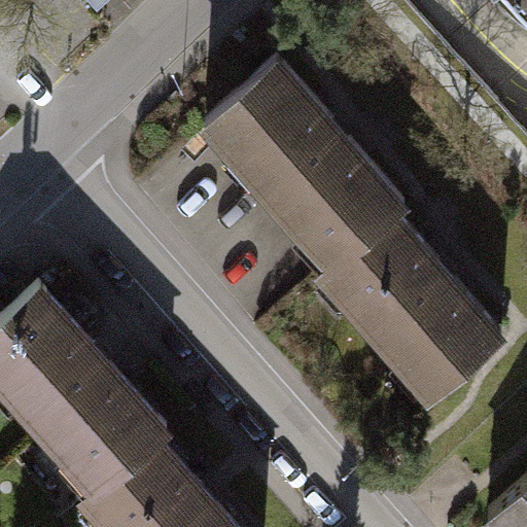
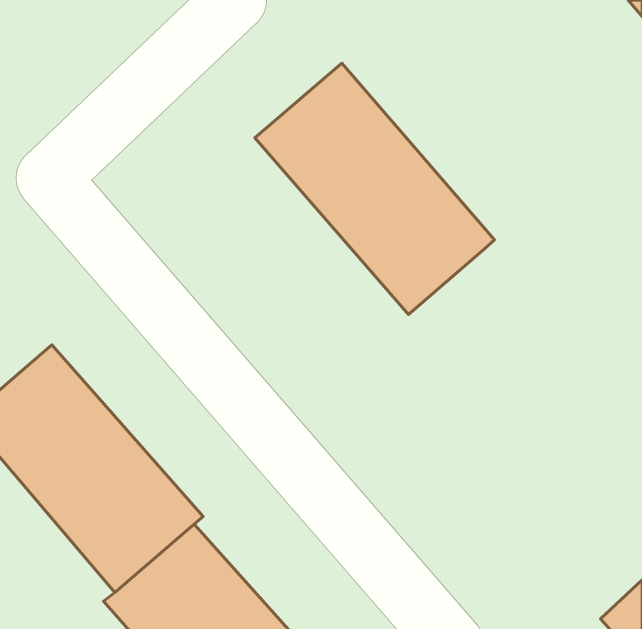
building: [323,216,501,400] -> none

